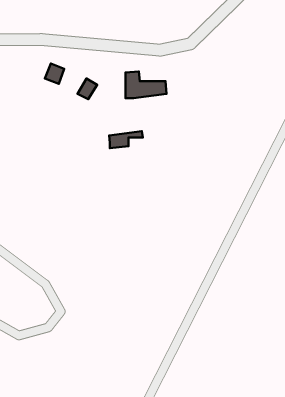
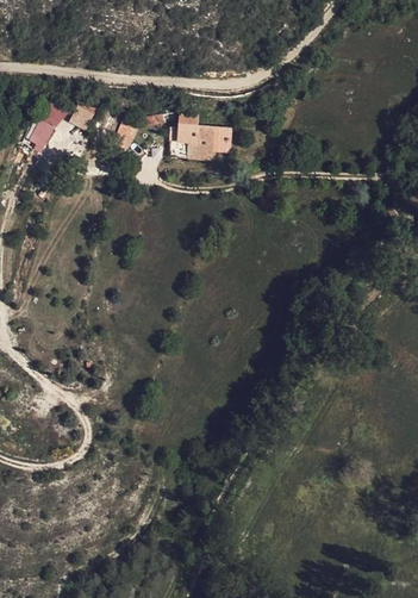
building: none -> [29,102,61,148]
building: [109,131,143,148] -> [187,143,232,166]

